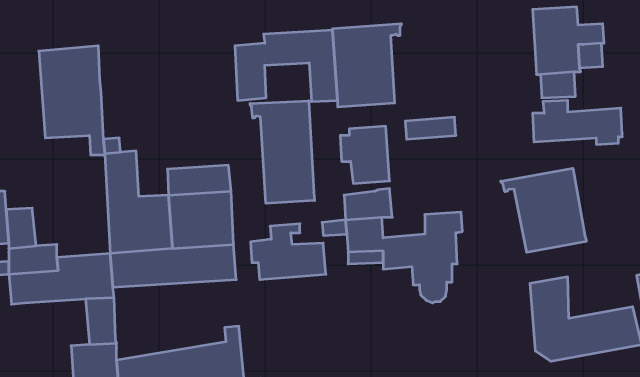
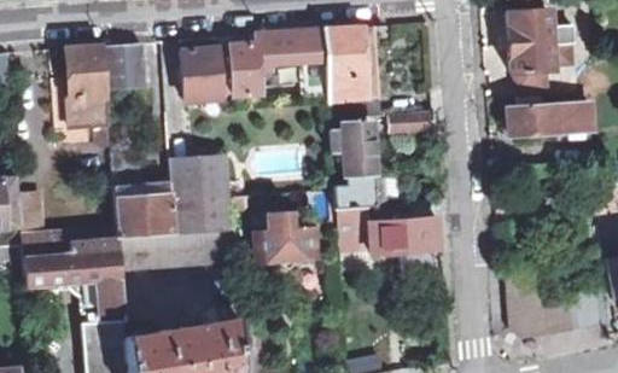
building: none -> [105,42,146,88]
building: none -> [182,48,225,101]
building: [250,101,315,203] -> none
building: [501,168,586,252] -> none

